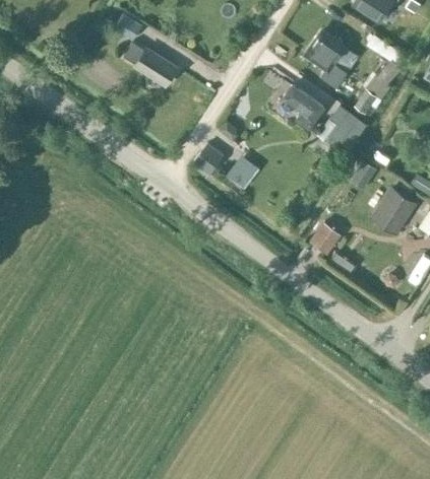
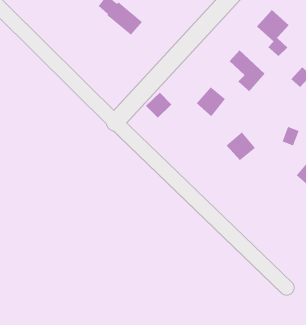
building: [328,105,367,149] -> none
building: [224,152,257,187] -> [196,86,226,117]
building: [307,218,342,252] -> [226,132,256,161]

